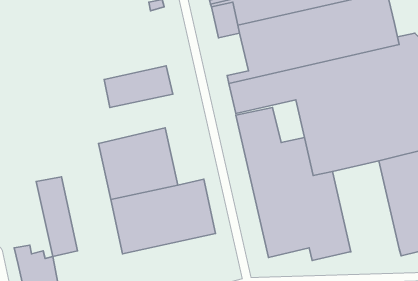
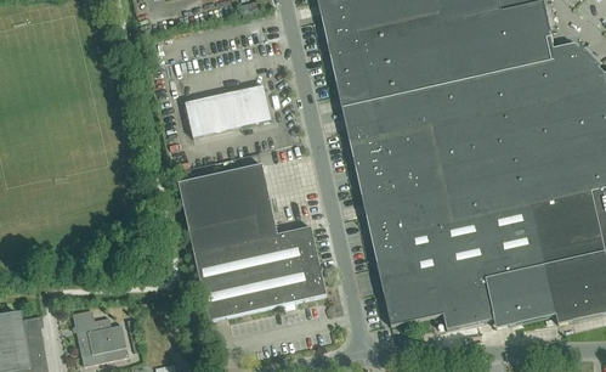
building: none -> [329,43,367,96]
building: none -> [351,126,437,180]
building: none -> [472,203,556,327]
building: [36,177,78,257] -> none

